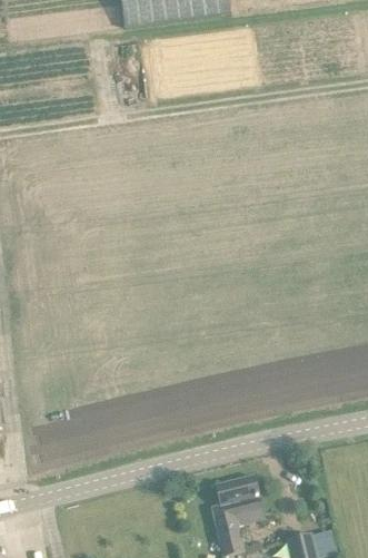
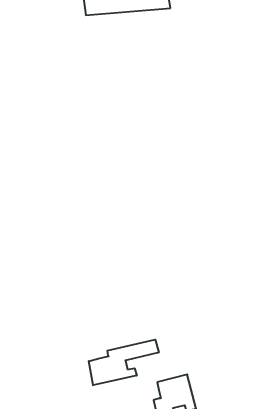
building: none -> [89,340,159,385]

